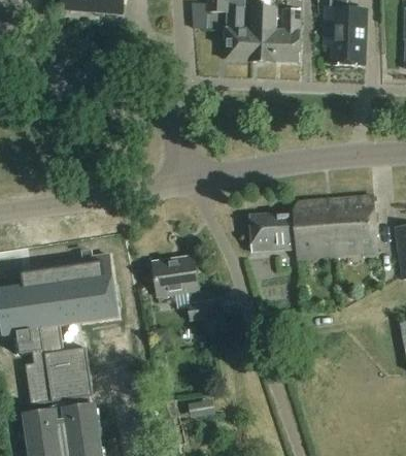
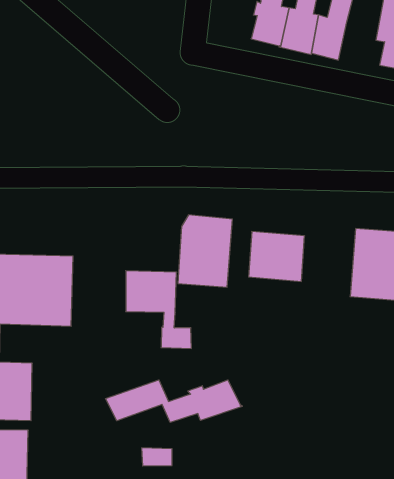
building: [293,199,337,258] -> [178,215,232,287]
building: none -> [106,380,242,422]

